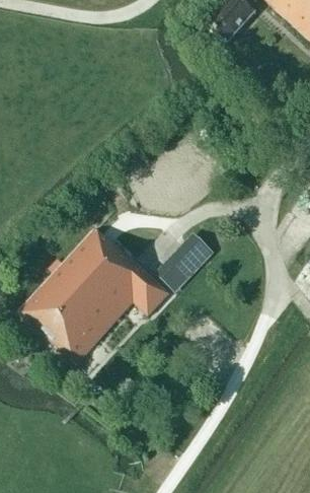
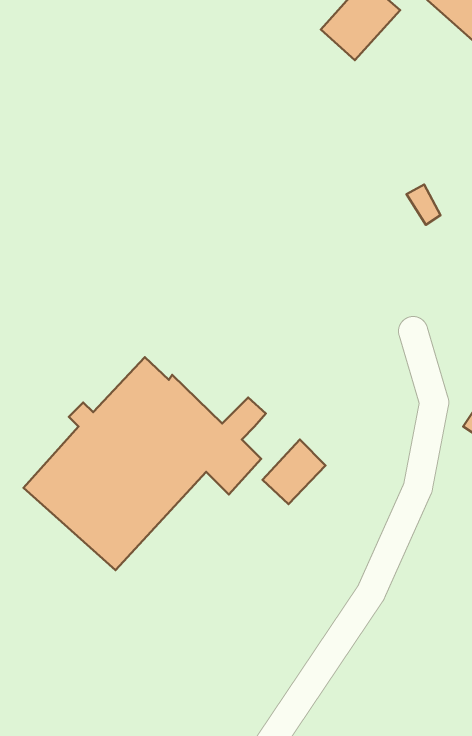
building: [171,231,211,272] -> [263,440,326,504]

